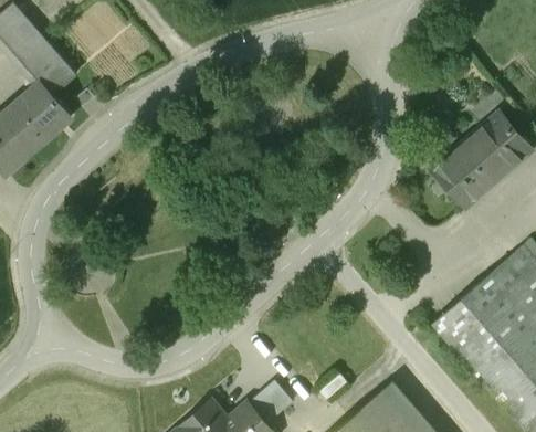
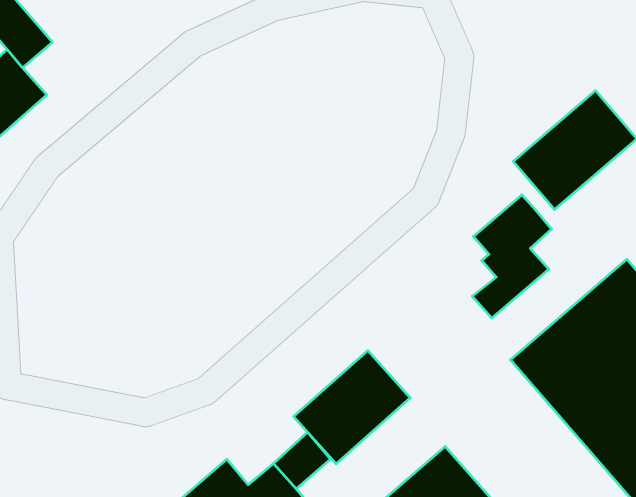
building: none -> [472,195,552,318]
building: none -> [294,351,410,464]

